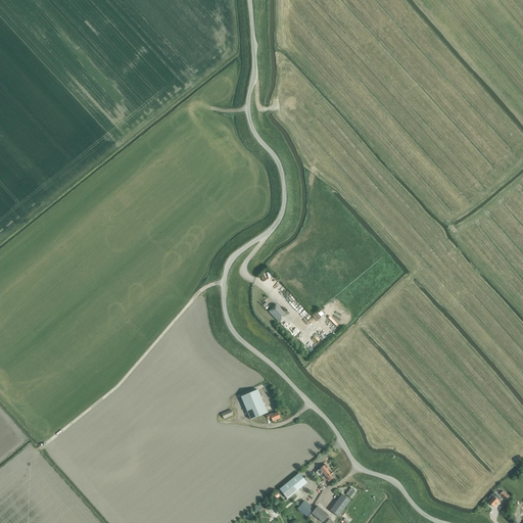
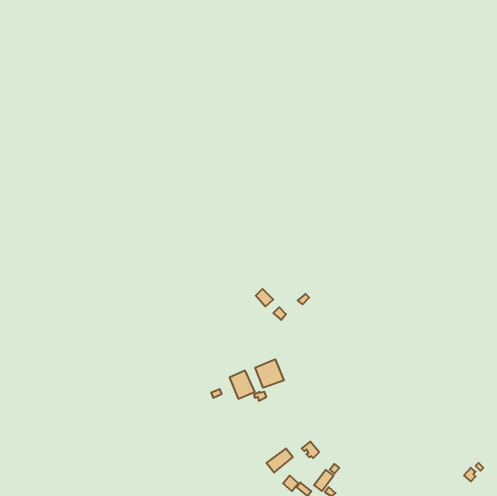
building: none -> [255,359,284,388]

